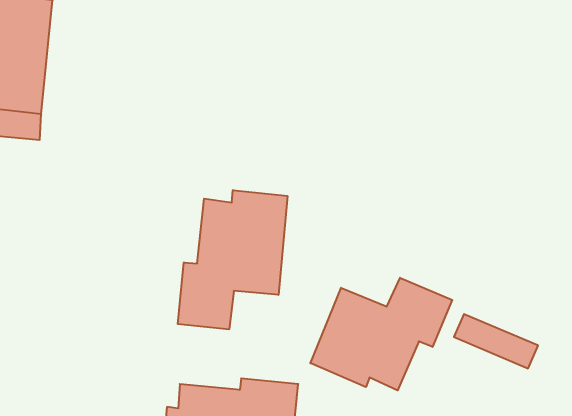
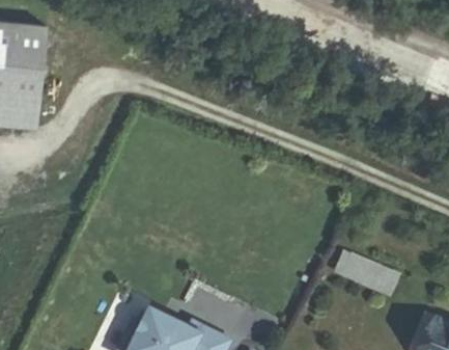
building: [178,190,287,329] -> none
building: [310,278,452,390] -> none

